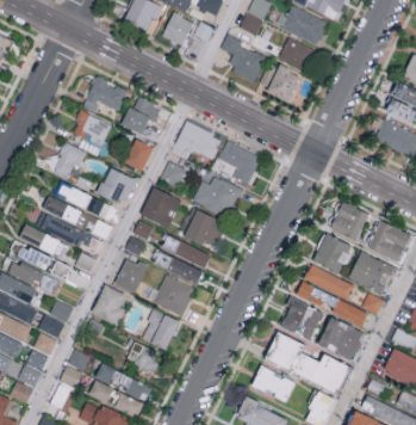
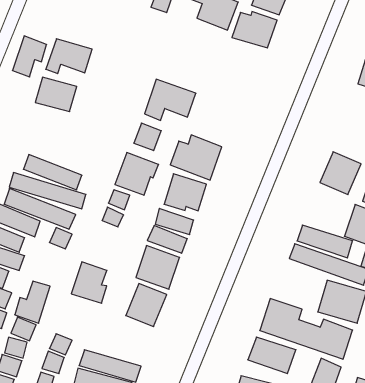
building: [120,98,161,134] -> none
building: [124,138,153,171] -> none
building: [52,142,86,180] -> [12,36,47,77]
building: [218,142,262,184] -> none
building: [98,167,136,205] -> none
building: [312,234,350,272] -> none
building: [114,258,148,294] -> none
building: [279,298,323,340] -> none
building: [126,344,161,371] -> none

